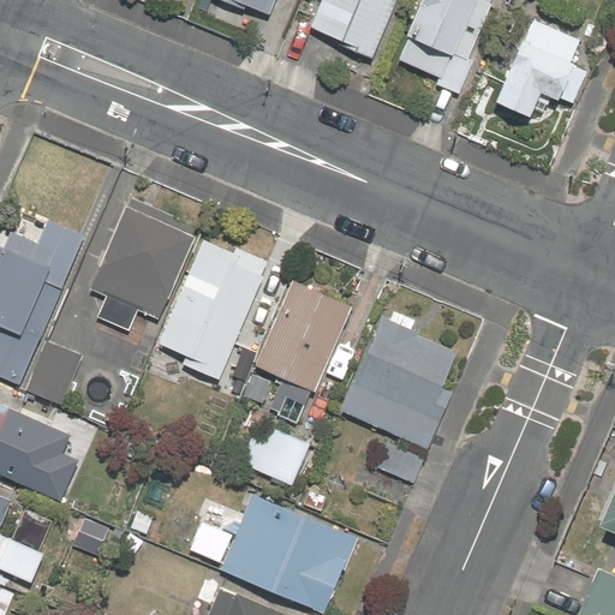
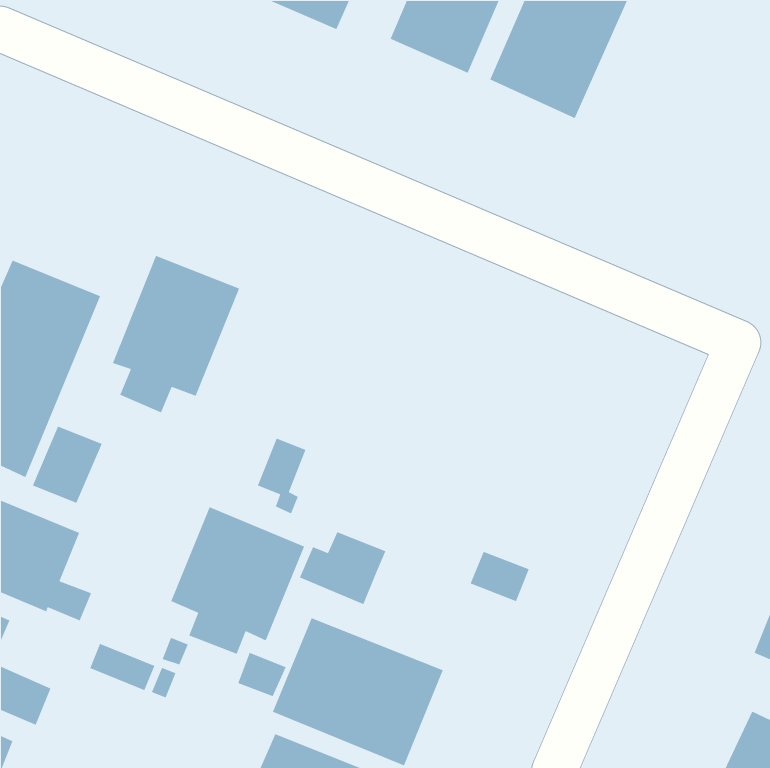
building: [488,19,590,127] -> none
building: [162,237,265,352] -> none
building: [255,277,350,425] -> none
building: [344,315,455,447] -> none
building: none -> [170,506,305,655]

